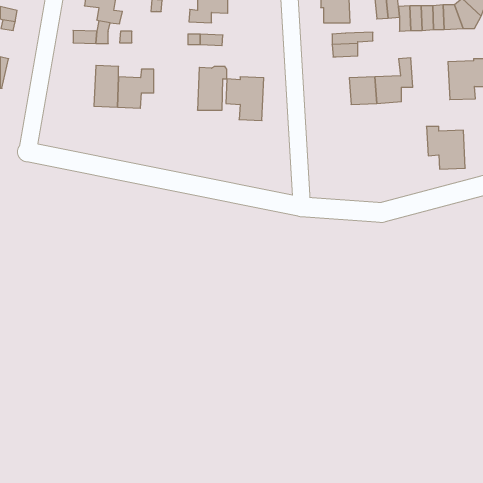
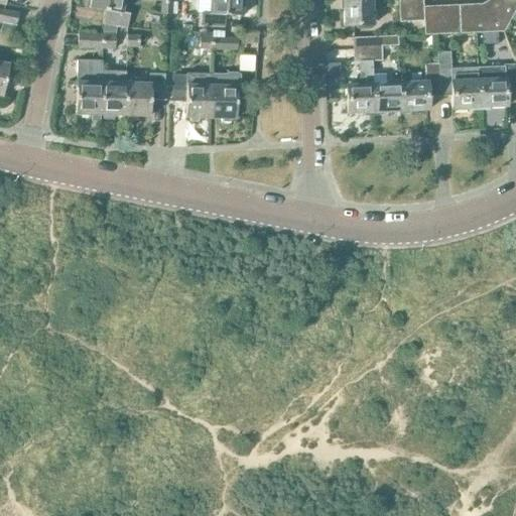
building: none -> [78,58,104,113]
building: [226,77,264,121] -> [173,71,214,117]
building: none -> [346,83,375,112]
building: [426,126,465,169] -> [438,61,480,107]

